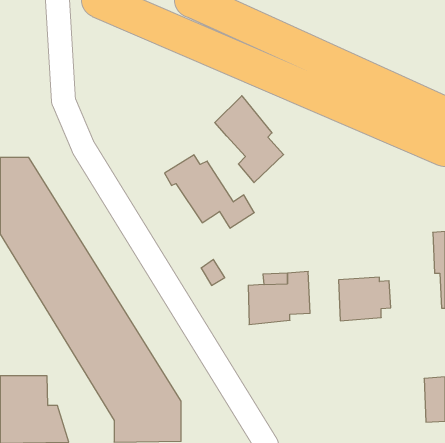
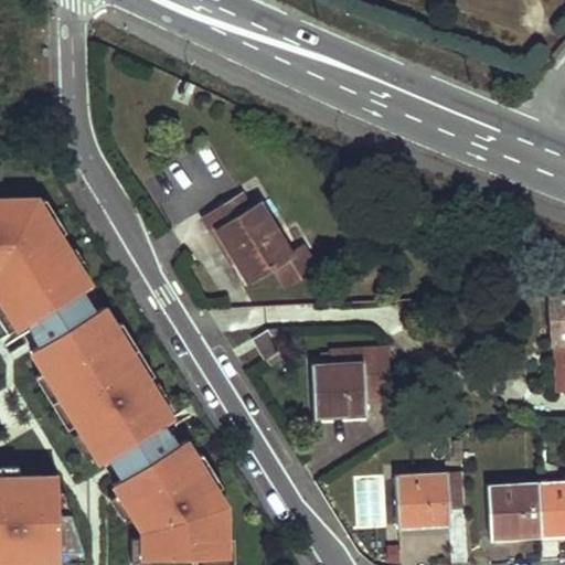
building: [215,96,284,183] -> none
building: [339,277,391,321] -> [395,470,461,525]
building: none -> [488,482,540,540]

